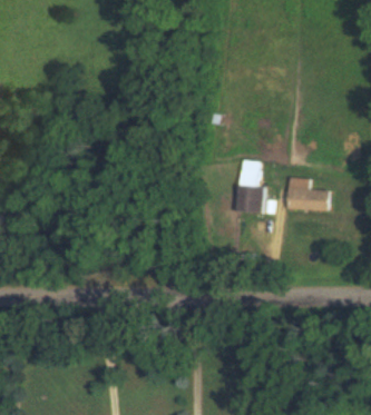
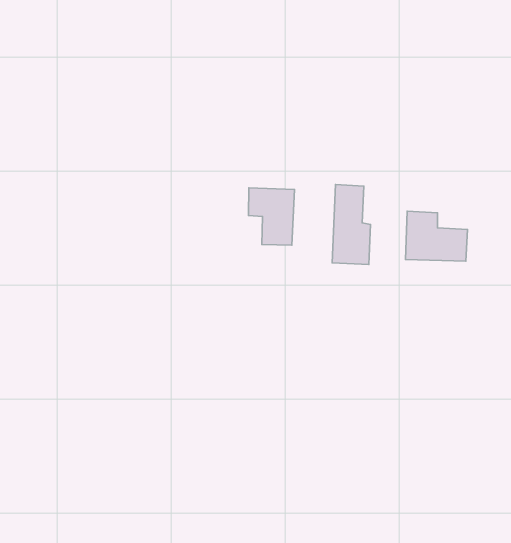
building: none -> [248,188,294,245]

